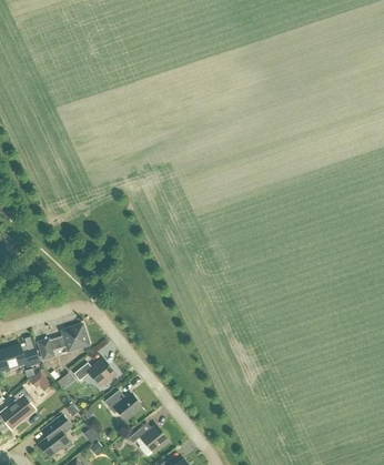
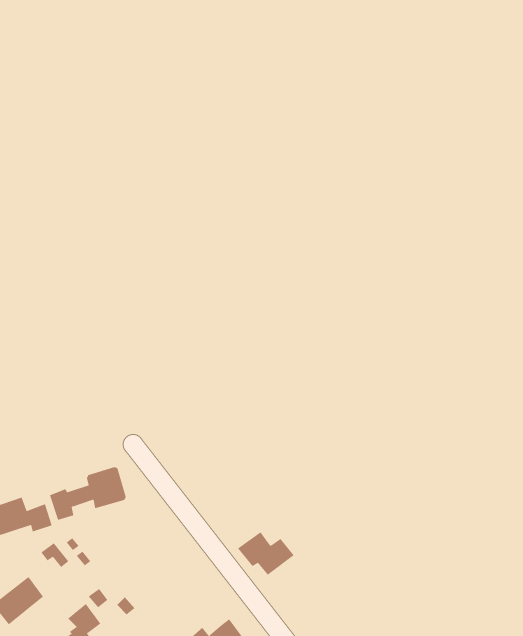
building: [74,357,117,386] -> none
building: [104,390,142,418] -> [237,532,294,575]

